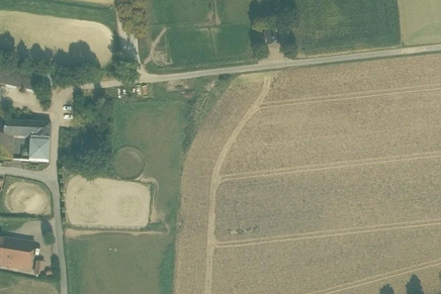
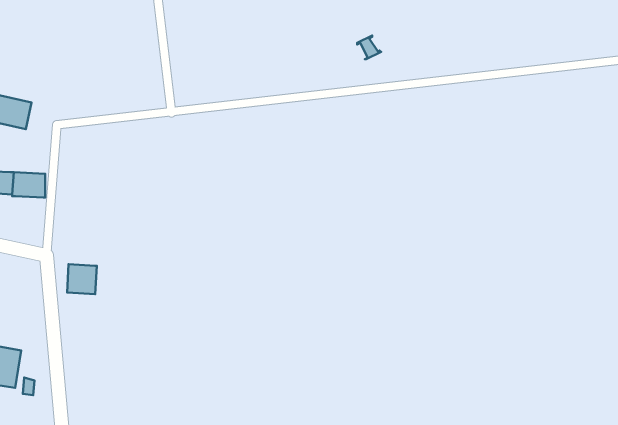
building: [27,140,48,161] -> [67,264,97,294]

